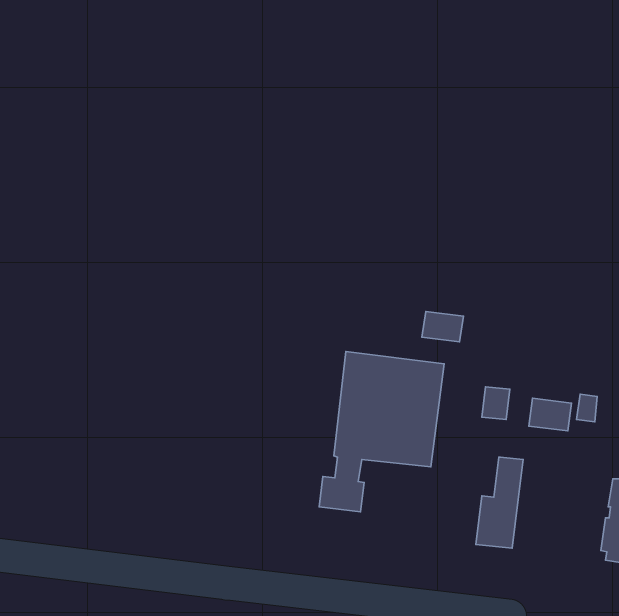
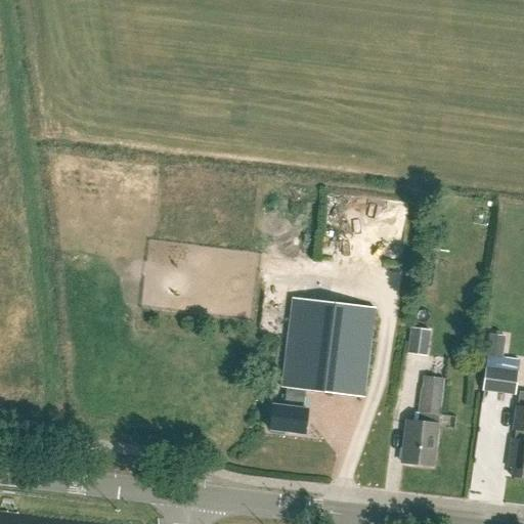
building: [422,311,463,342] -> none
building: [529,398,571,431] -> [483,365,519,393]

